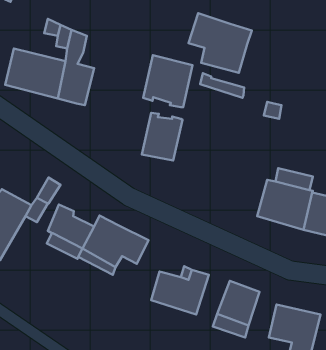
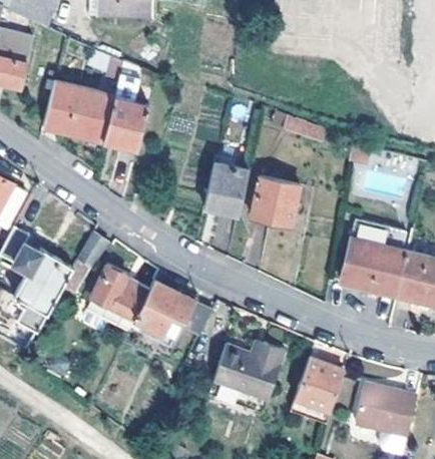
building: [189,13,252,73] -> none
building: [143,55,192,107] -> none
building: none -> [252,178,300,227]

